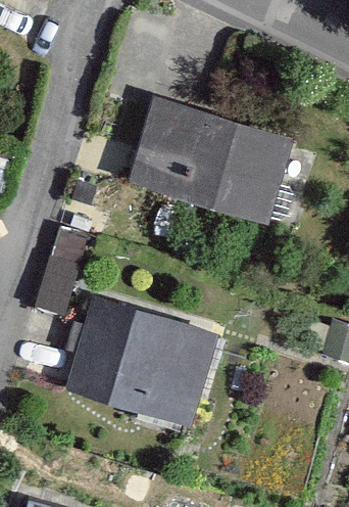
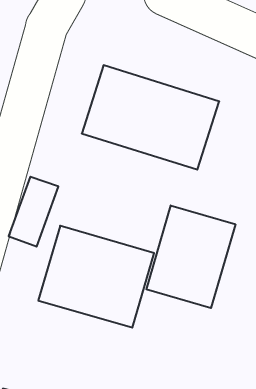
building: none -> [146,205,235,308]

